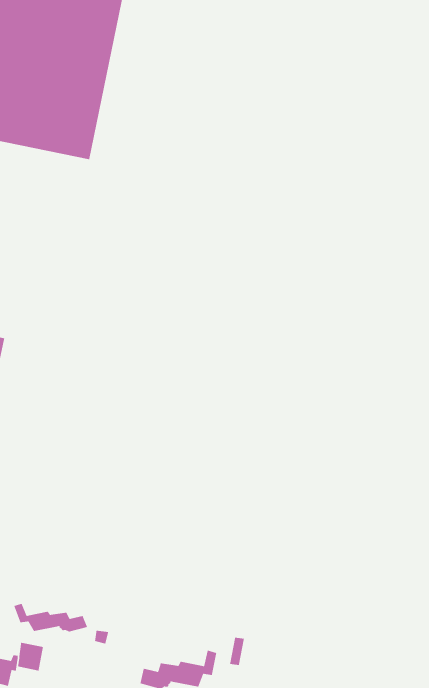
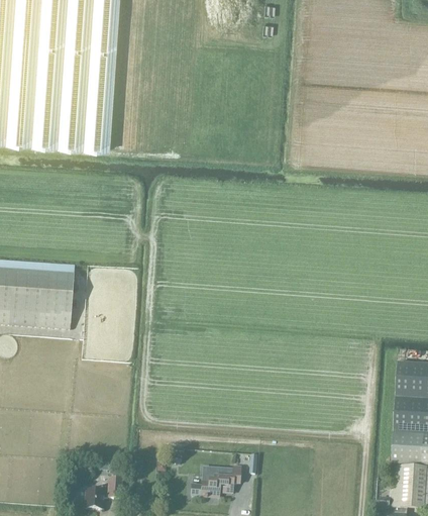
building: [13,603,88,633] -> none

